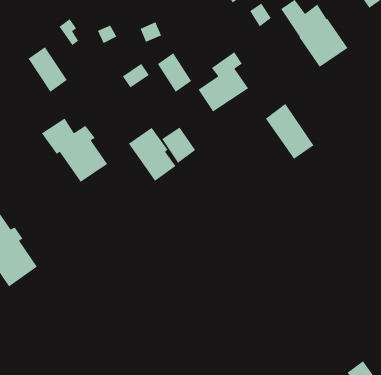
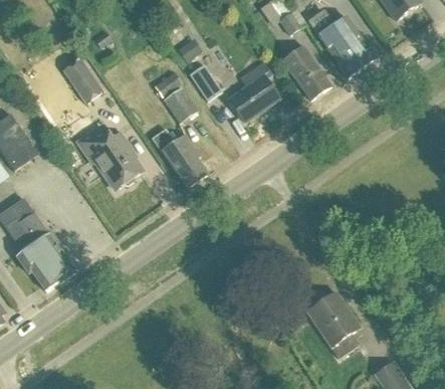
building: [265,103,314,160] -> [282,44,330,100]
building: [161,126,196,164] -> [164,86,198,123]
building: none -> [306,297,359,358]

